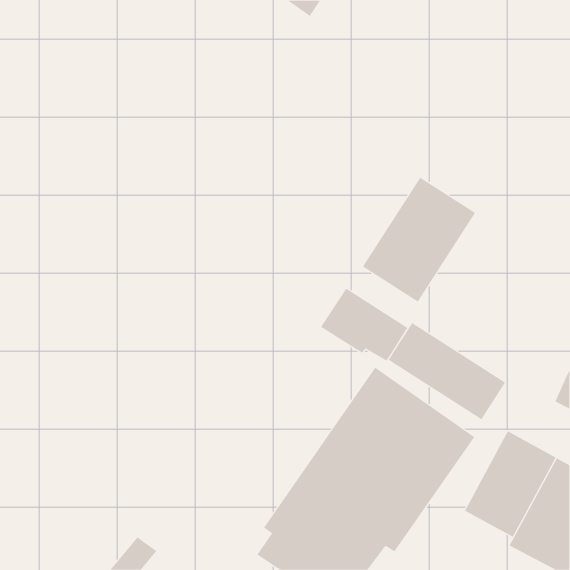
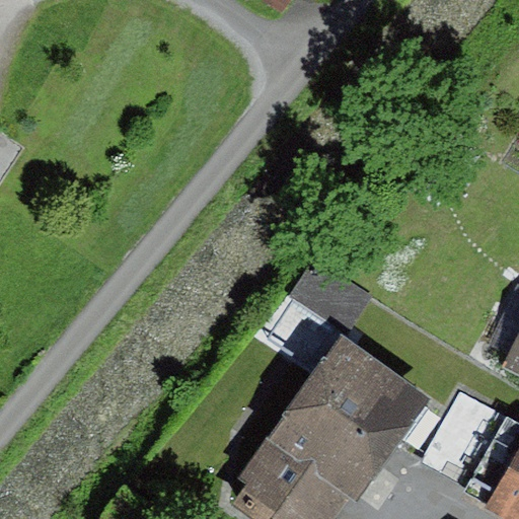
building: [362,177,476,303] -> none
building: [388,322,506,420] -> none

